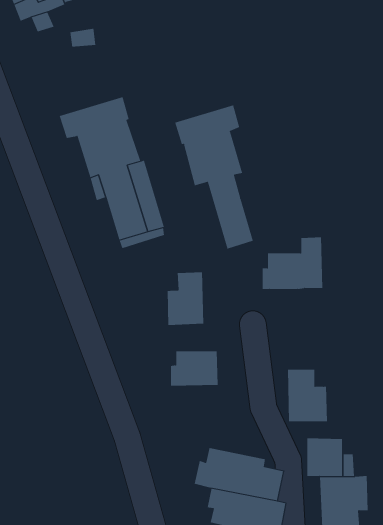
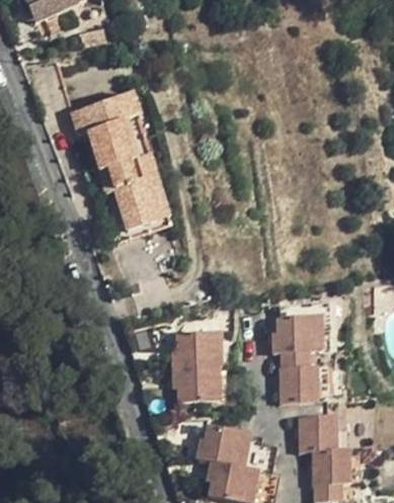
building: [174,105,254,249] -> none
building: [262,237,323,289] -> [274,300,332,349]
building: [167,271,204,326] -> none
building: none -> [171,364,217,400]

